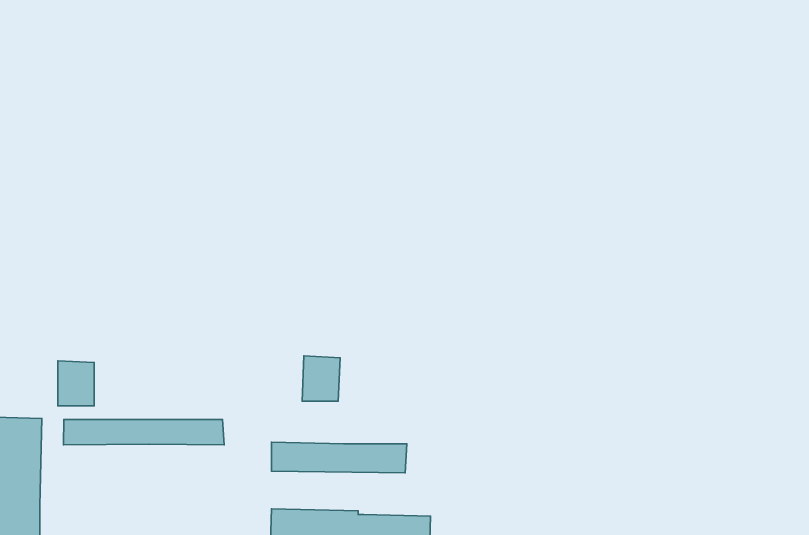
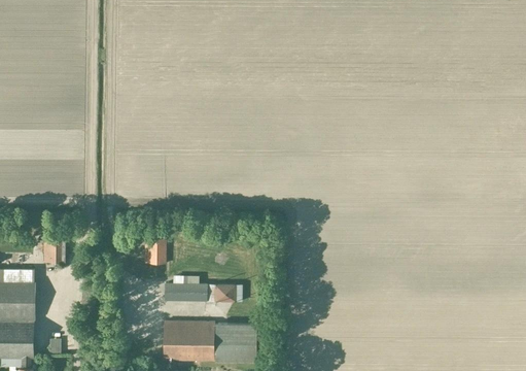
building: [302,356,340,401] -> [144,238,166,264]
building: [63,419,224,445] -> none

